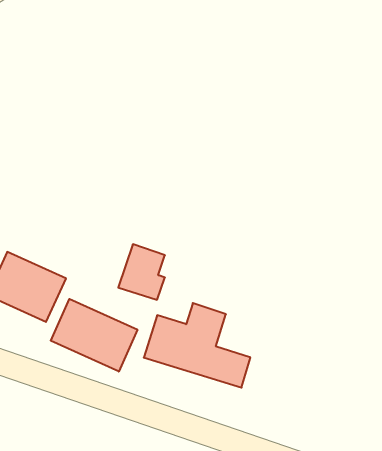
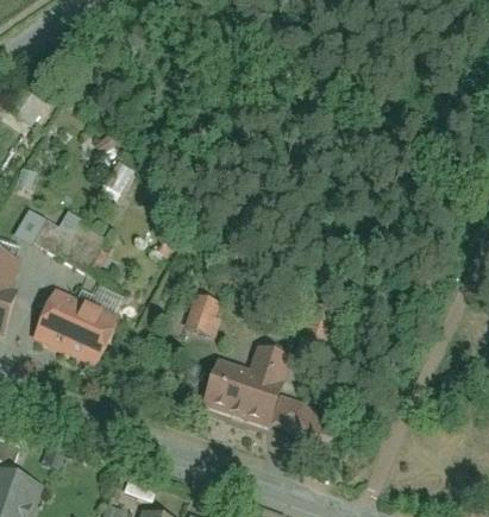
building: [51,299,137,372] -> none

